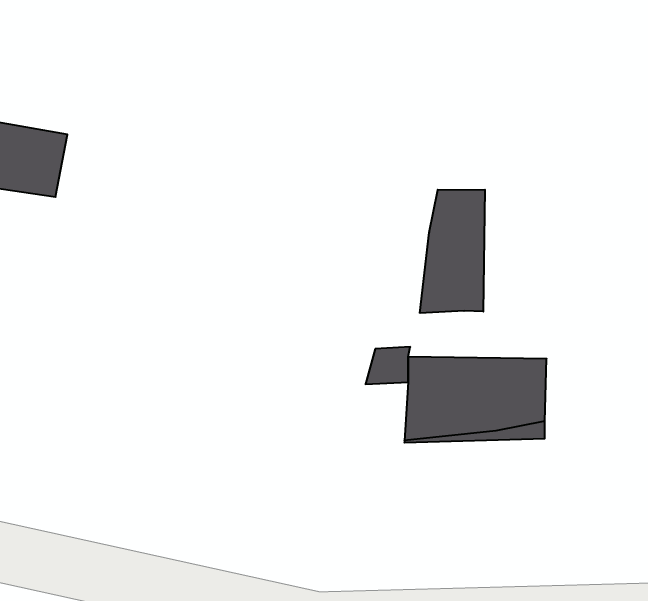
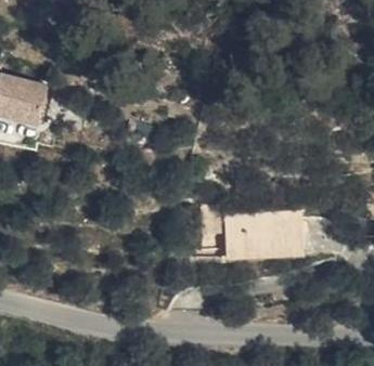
building: [420,190,485,313] -> none

